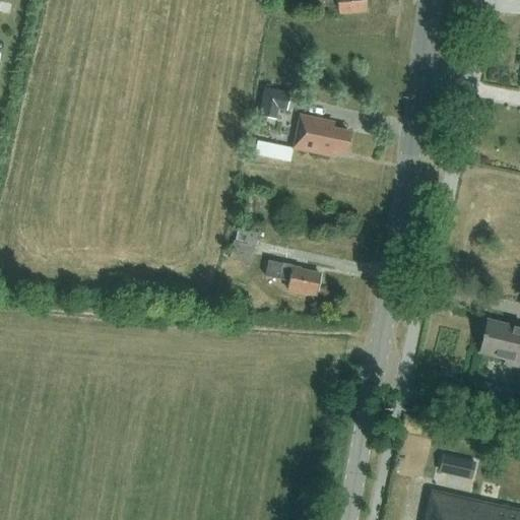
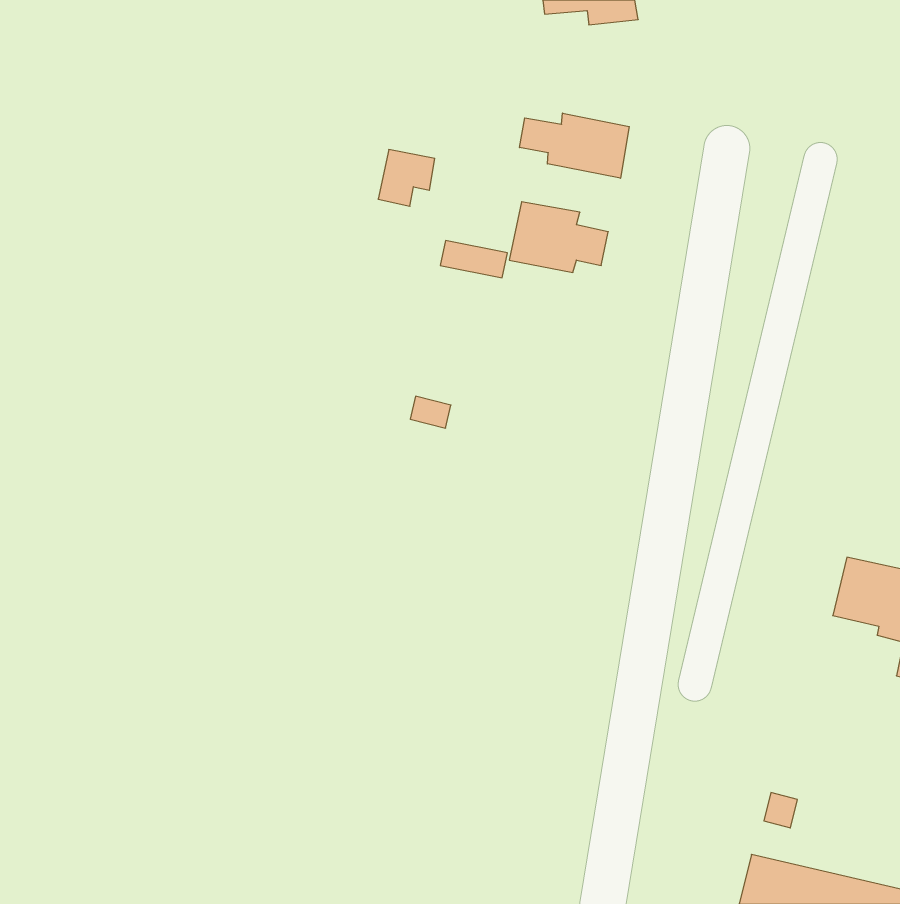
building: none -> [520,113,629,178]
building: [260,87,292,120] -> [378,150,435,206]
building: [267,261,322,295] -> none

